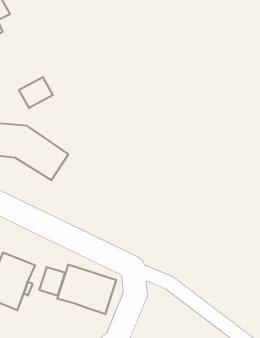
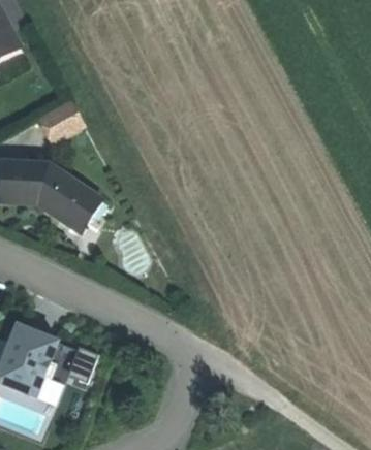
building: [57,264,116,314] -> none

